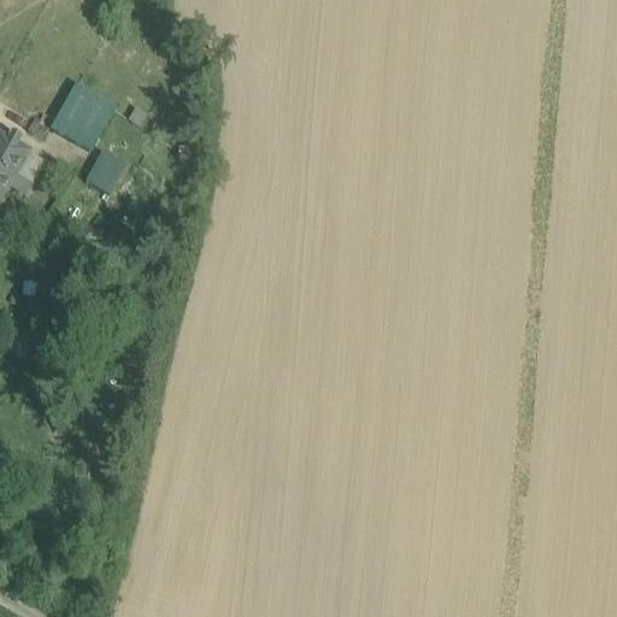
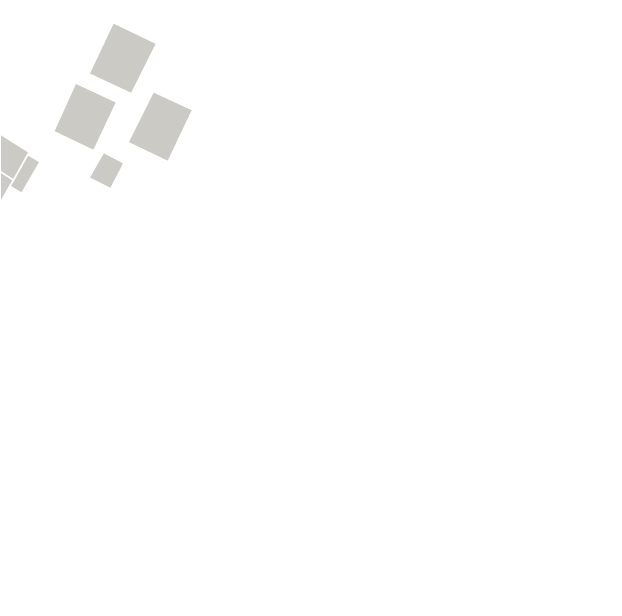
building: none -> [89,22,157,94]
building: none -> [128,91,193,162]

